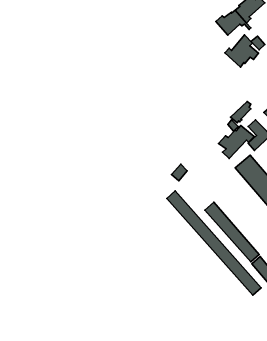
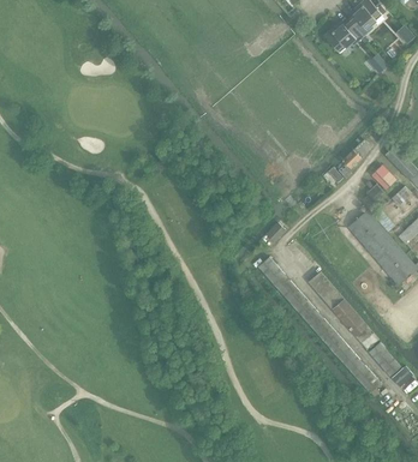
building: [225,35,259,67] -> none
building: [218,126,254,159] -> none

